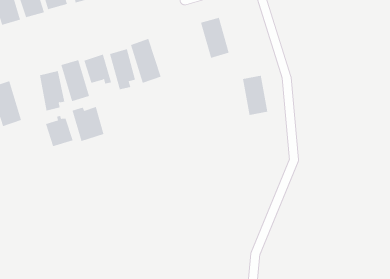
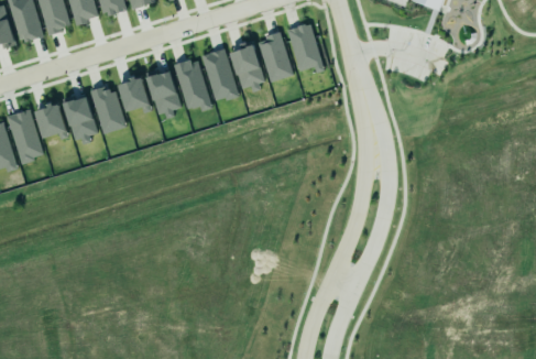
building: none -> [230,43,265,90]
building: none -> [200,47,239,102]
building: [242,75,268,116] -> [289,23,320,72]
building: [72,106,104,142] -> none
building: [45,116,74,147] -> [34,97,68,134]

